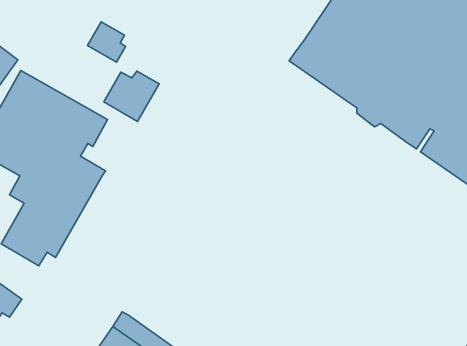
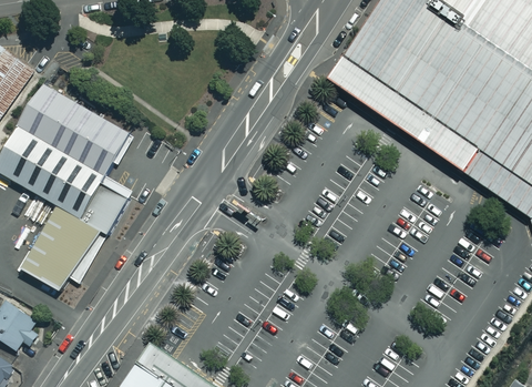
building: [87,22,126,62] -> none
building: [104,71,159,122] -> none

